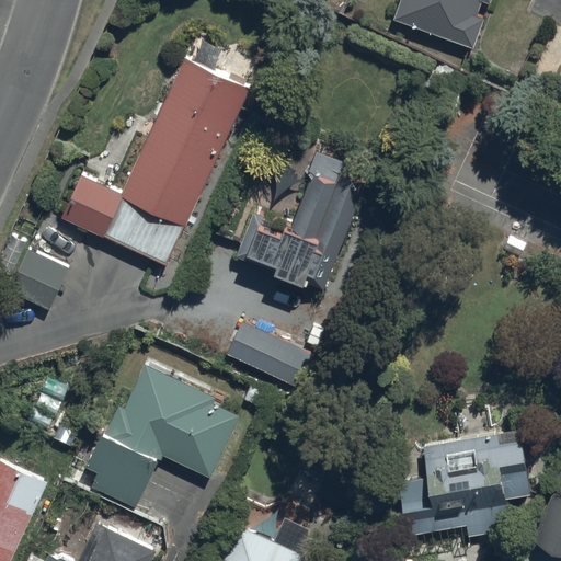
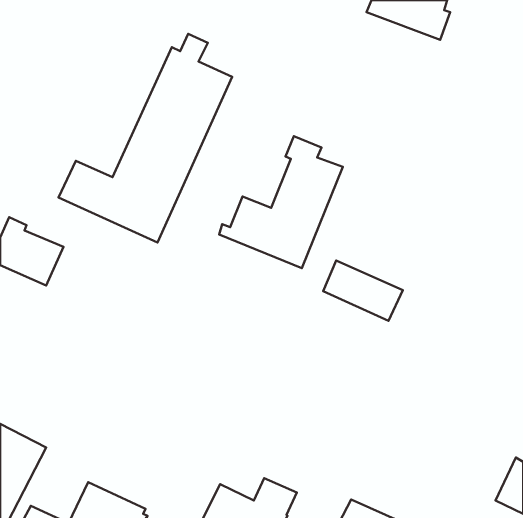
building: [227,322,312,387] -> [323,261,403,321]
building: [84,365,238,508] -> none
building: [397,428,531,539] -> none

